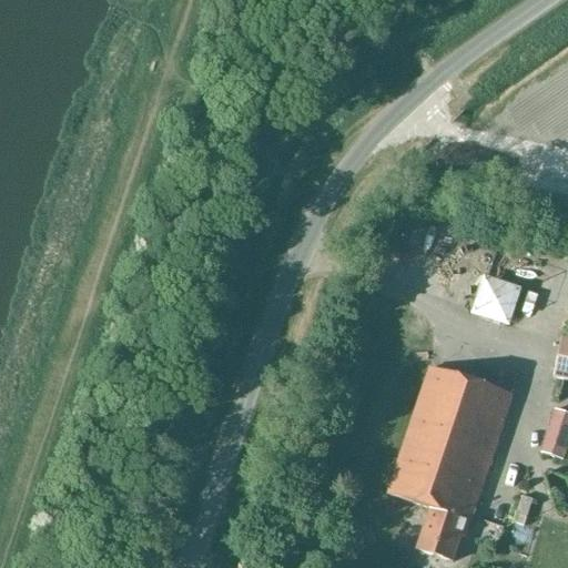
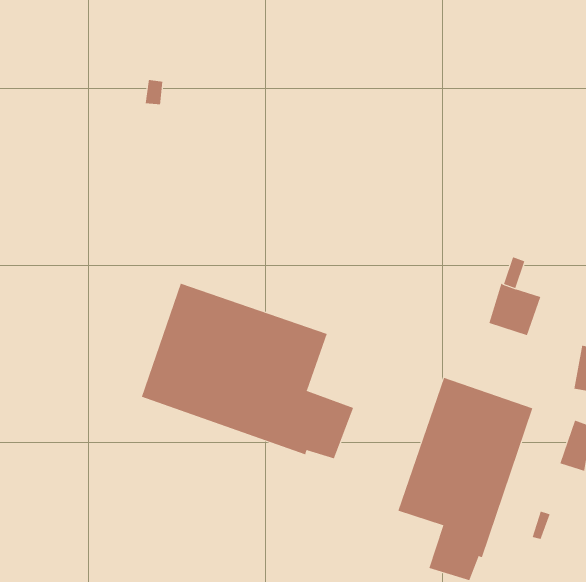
building: none -> [141,283,354,459]

